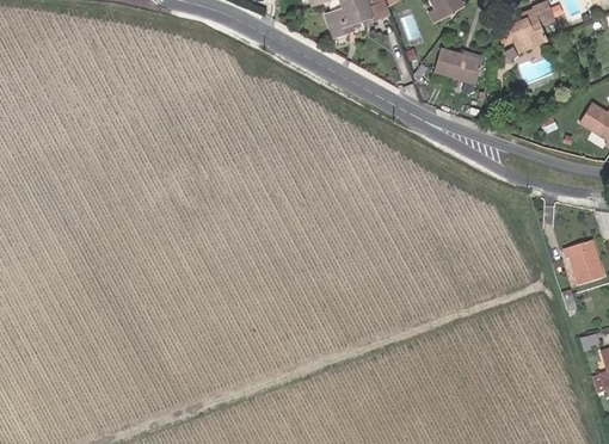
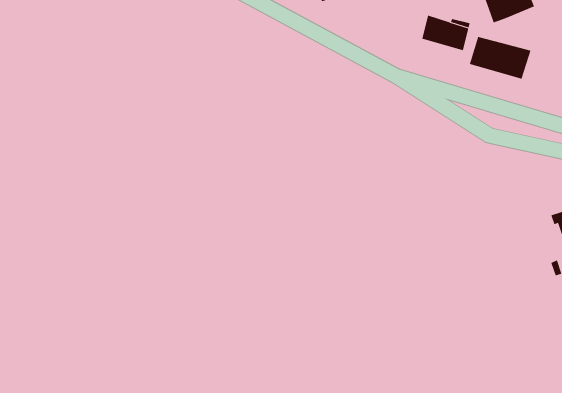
building: none -> [469,36,531,80]

